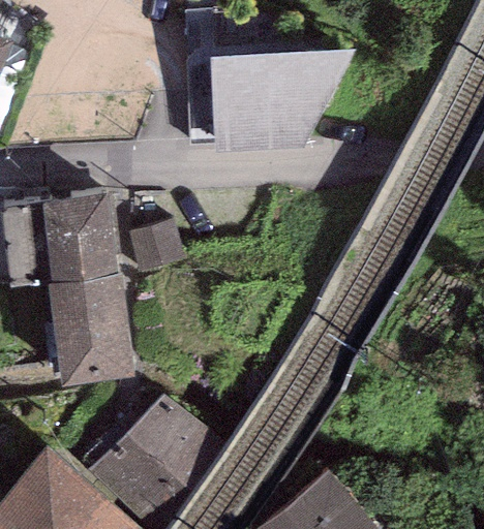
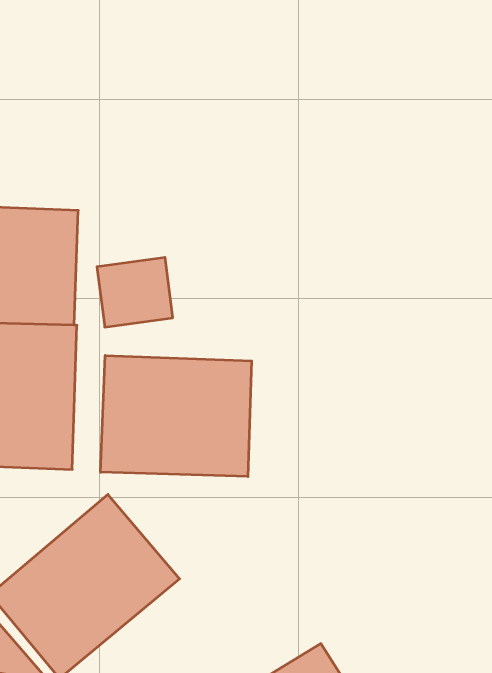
building: [209,51,355,154] -> none
building: none -> [101,355,252,477]

